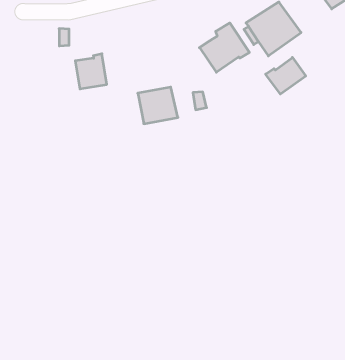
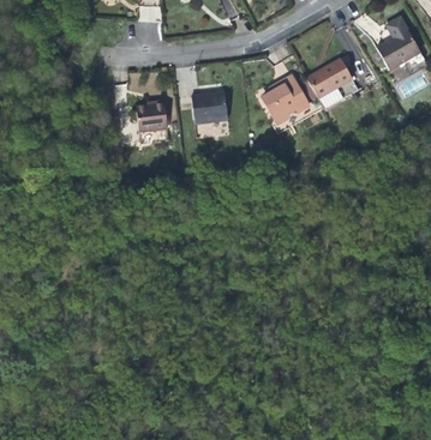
building: [266,57,306,94] -> none
building: [138,87,178,124] -> [191,90,228,123]

